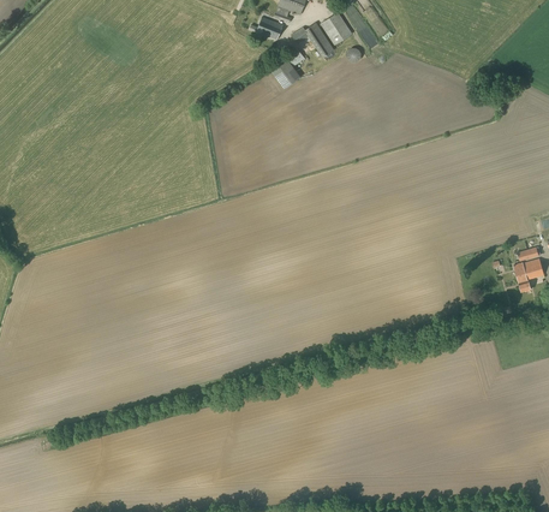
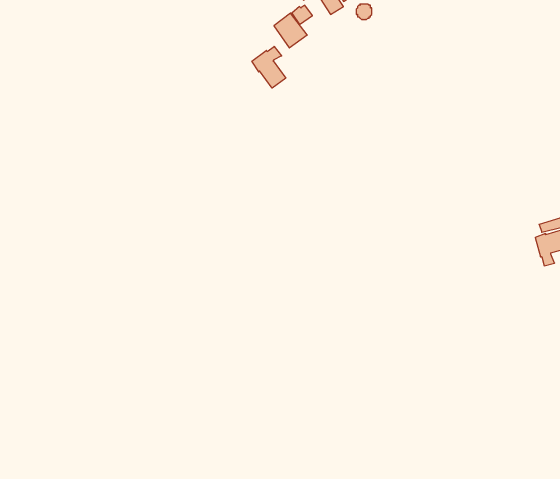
building: none -> [252,46,286,88]

